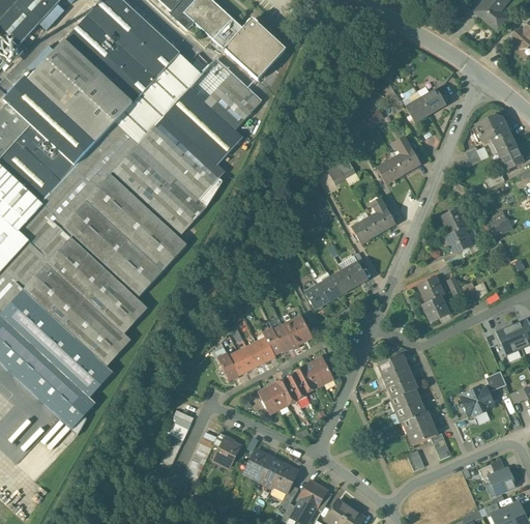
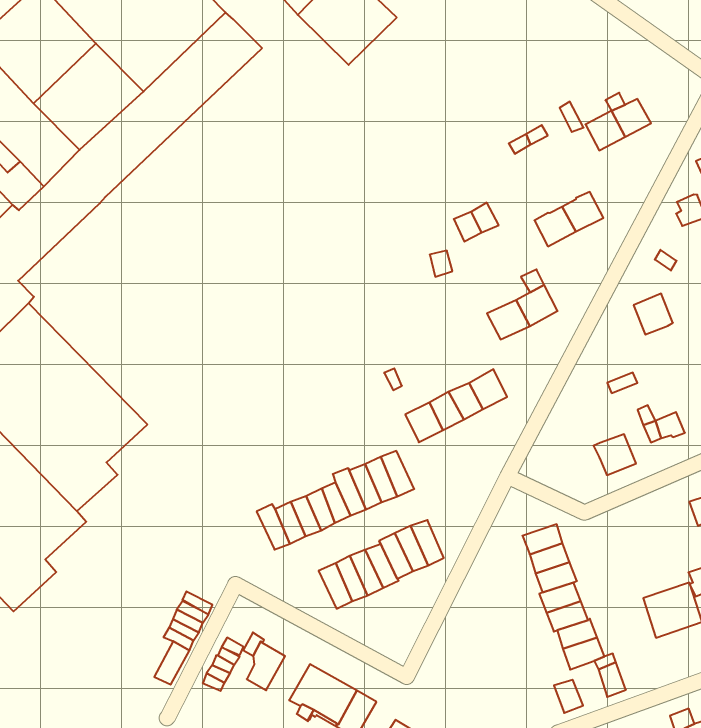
building: [112,59,260,232] -> none
building: [64,75,131,141] -> none
building: [61,173,184,293] -> none
building: [445,228,471,254] -> none
building: [417,276,443,302] -> none

